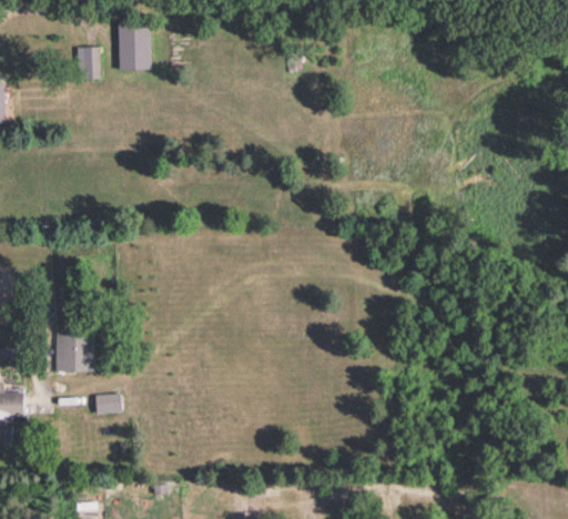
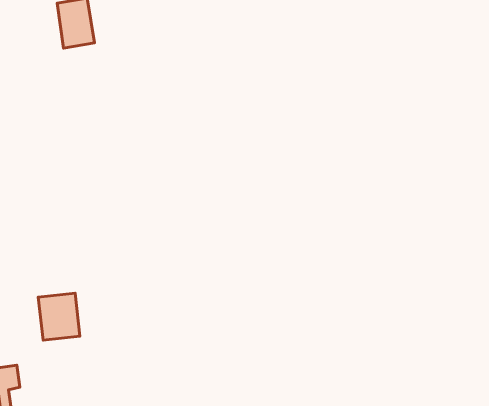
building: [78,48,99,80] -> none
building: [94,395,121,414] -> none

